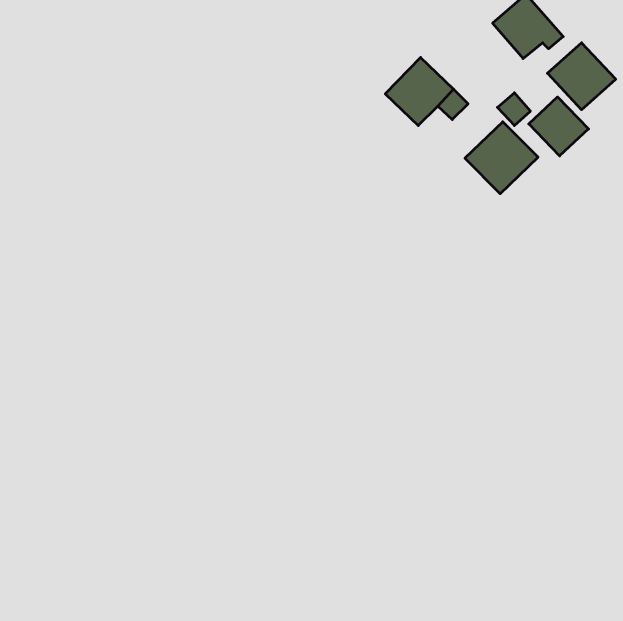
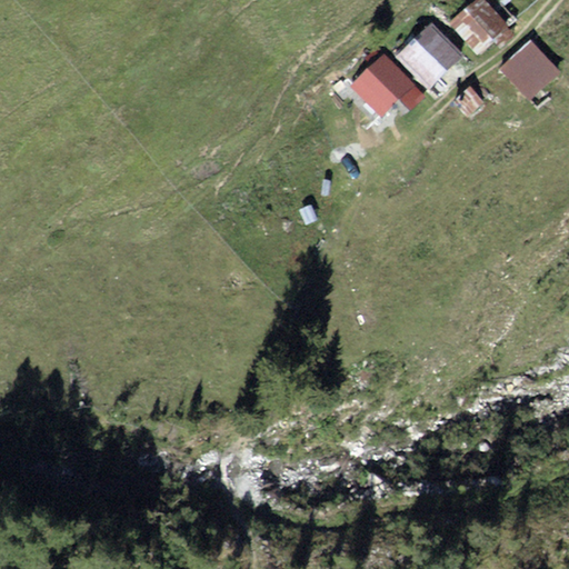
building: [529,97,589,156] -> none
building: [465,122,538,194] -> [397,21,463,87]

